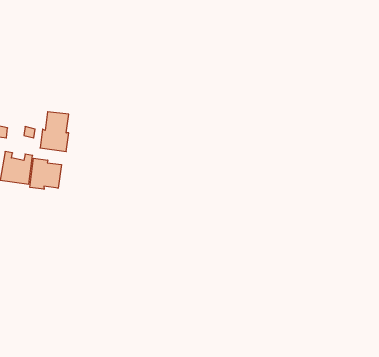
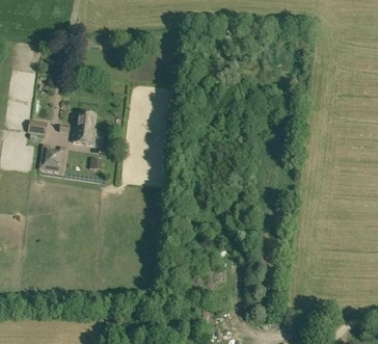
building: [30,158,61,189] -> none

